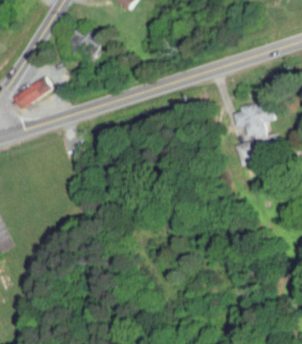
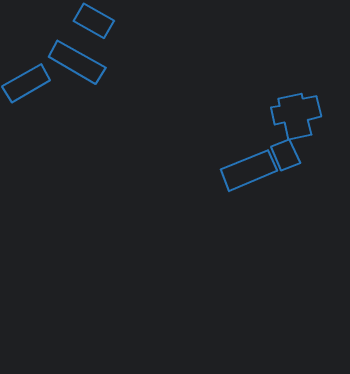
building: none -> [49,40,106,84]
building: none -> [221,150,277,191]

